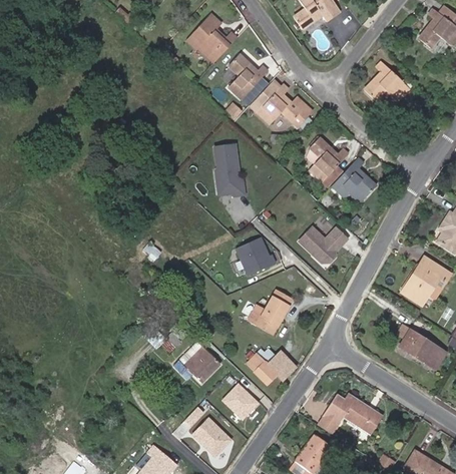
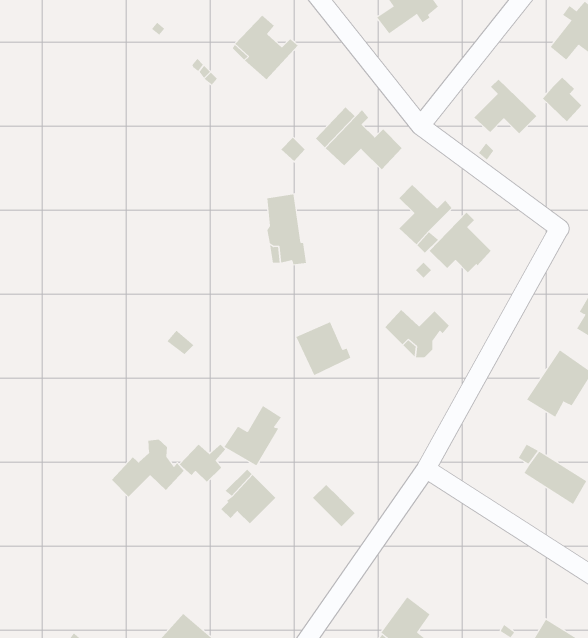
building: [227,54,268,98] -> none
building: none -> [542,77,582,122]
building: [249,290,291,334] -> [224,405,282,466]
building: none -> [111,439,184,498]
building: [267,351,296,379] -> none
building: [221,384,258,420] -> none
building: [318,394,383,435] -> none
building: [190,416,232,457] -> none

